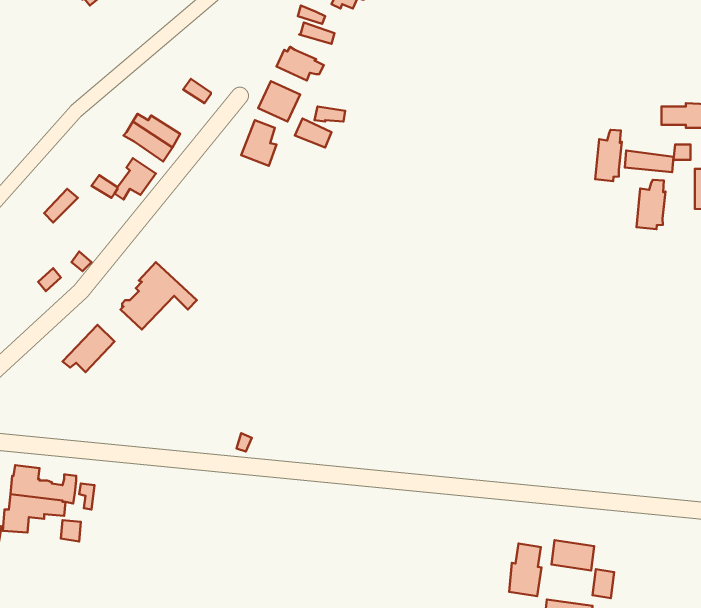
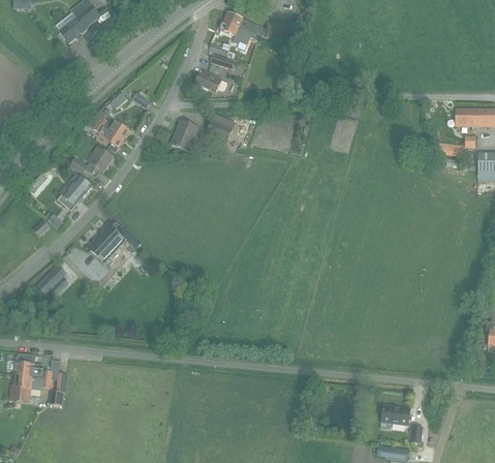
building: [258,81,300,122] -> none
building: [595,130,622,181] -> none
building: [636,180,666,229] -> none
building: none -> [57,175,91,211]
building: [509,544,541,596] -> none

